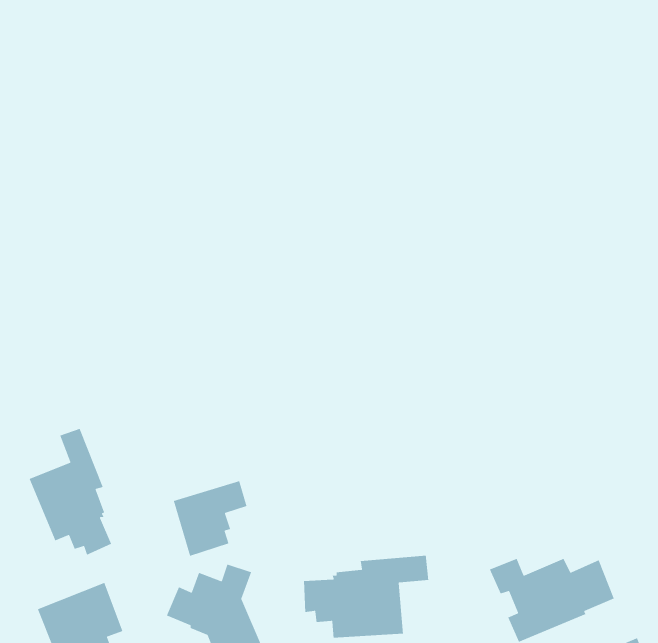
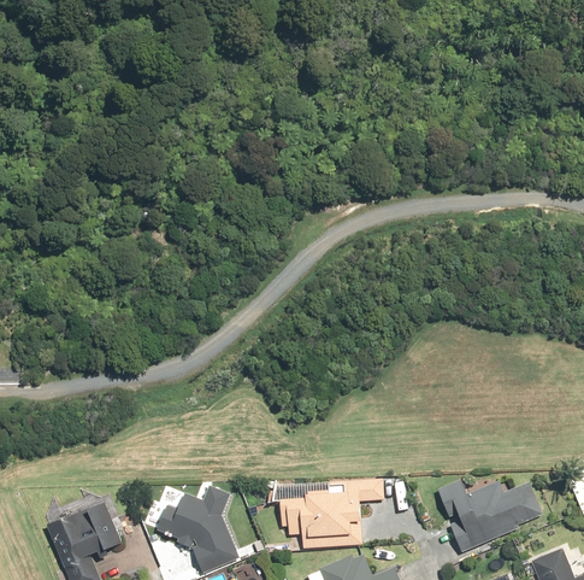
building: [28,428,112,556] -> none
building: [173,480,247,557] -> none

